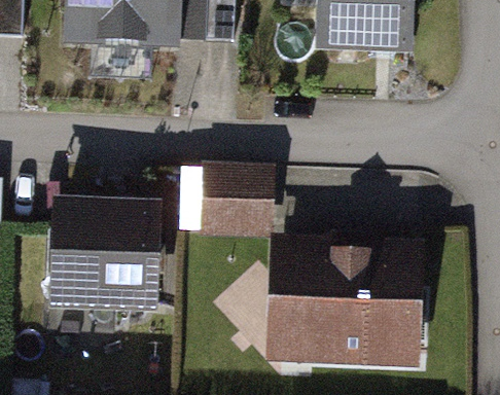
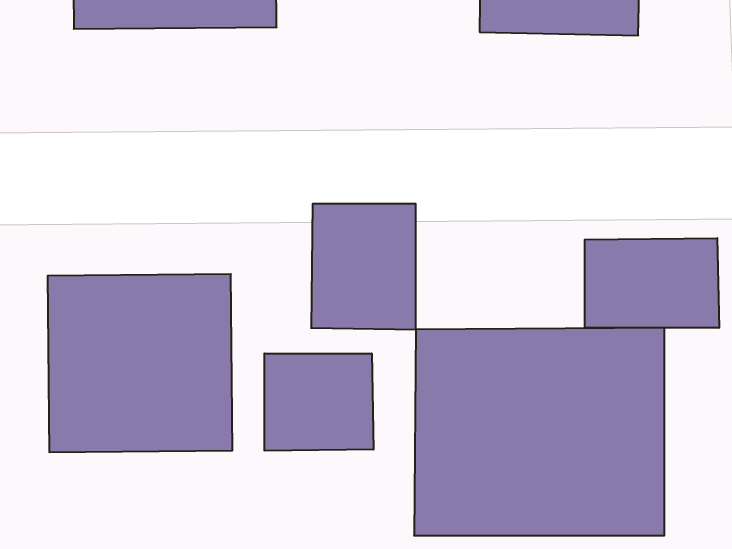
building: none -> [585,238,719,328]
building: none -> [264,353,373,451]

